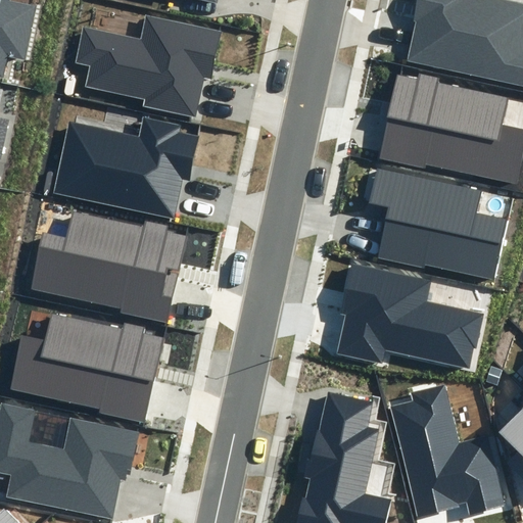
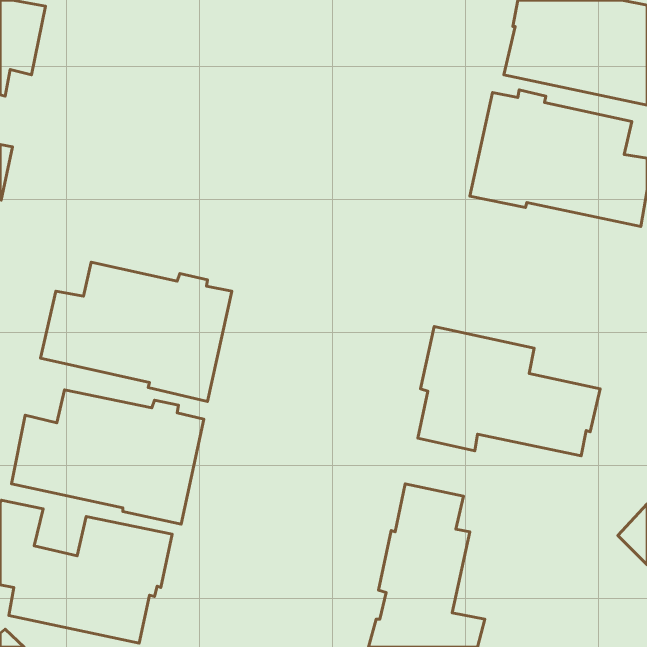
building: [74,13,223,116] -> none
building: [53,116,199,220] -> none
building: [370,169,507,280] -> none
building: [391,385,506,515] -> none

